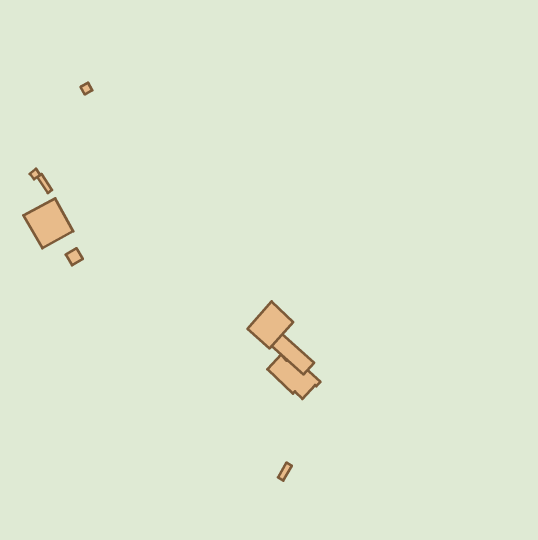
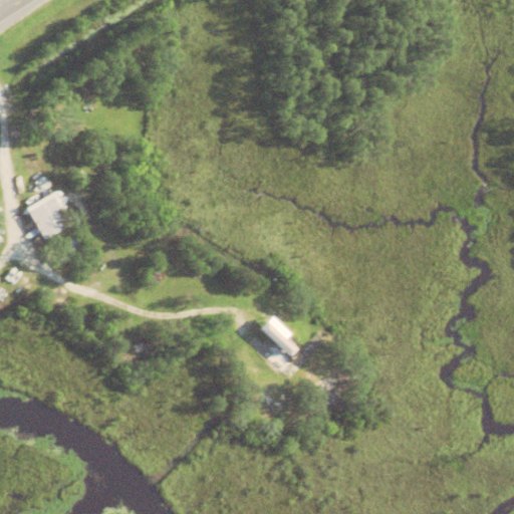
building: [248,301,293,348] -> none

